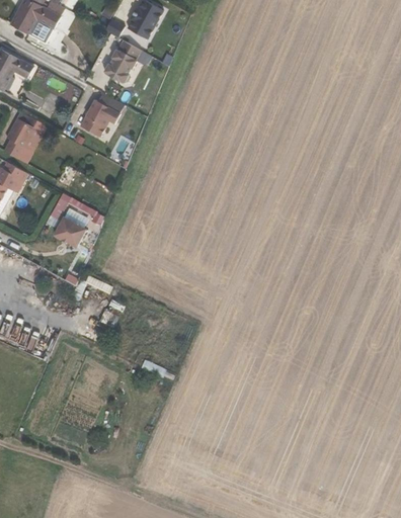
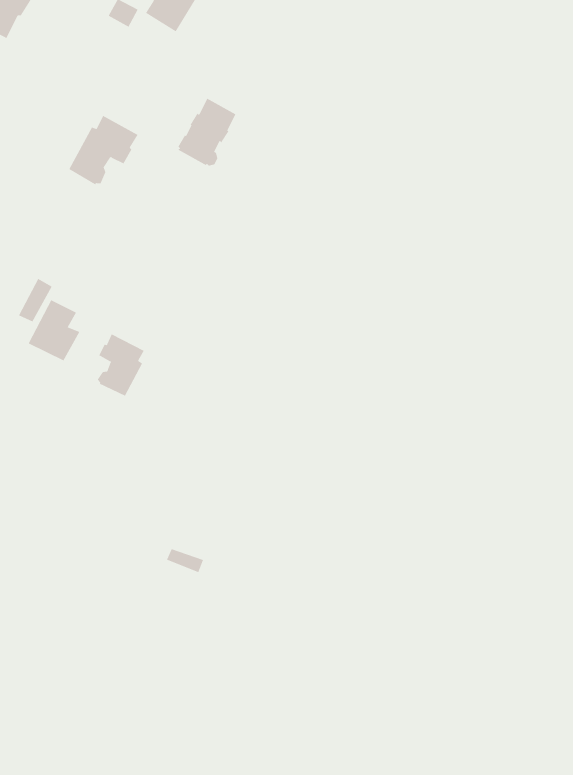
building: [103,40,140,83] -> [178,98,236,166]
building: none -> [97,333,145,397]

